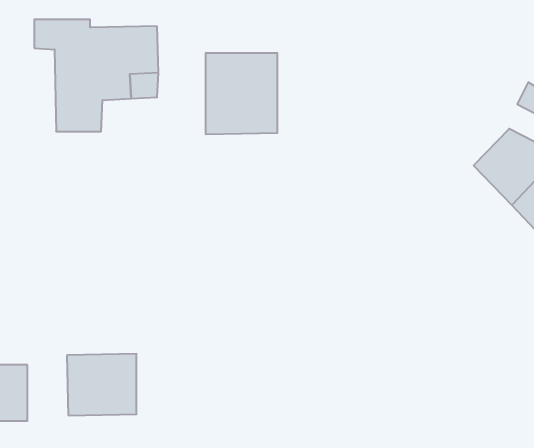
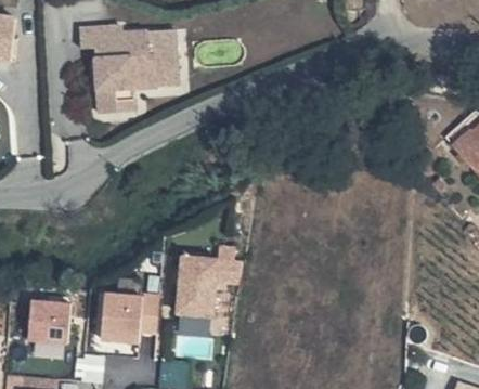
building: [206,53,277,134] -> none
building: none -> [174,246,239,316]

